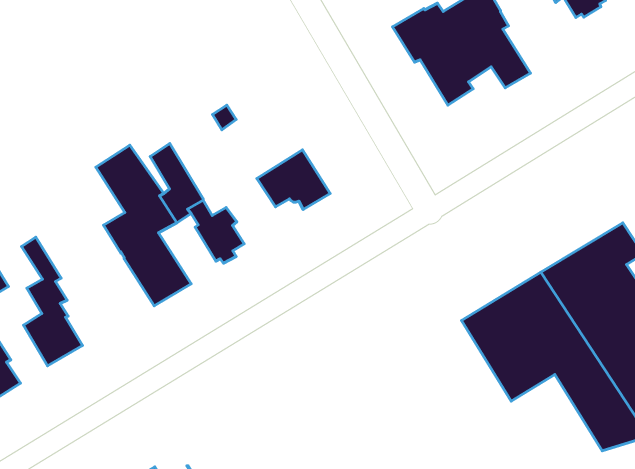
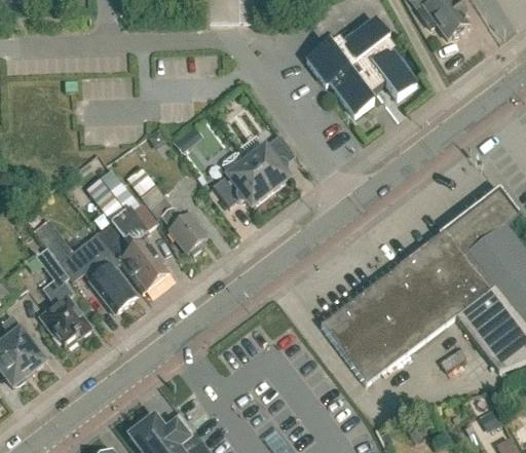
building: none -> [245,135,294,191]
building: none -> [34,218,137,312]
building: none -> [323,279,424,382]

